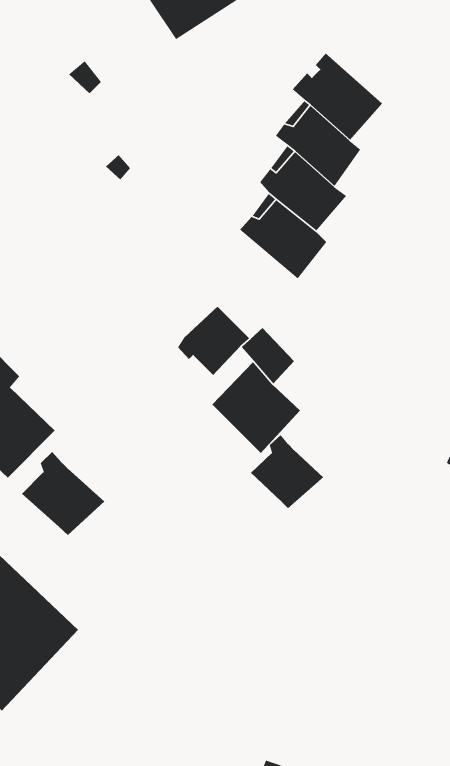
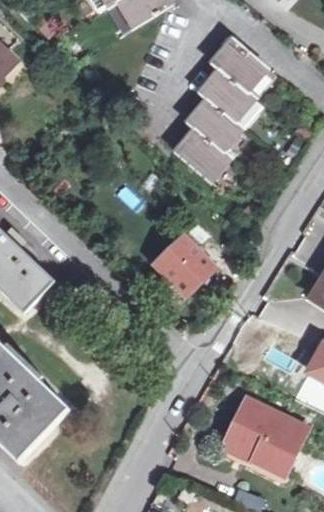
building: [177,306,250,376] -> none
building: [250,434,324,509] -> none
building: [21,451,105,536] -> none
building: none -> [227,398,306,474]

